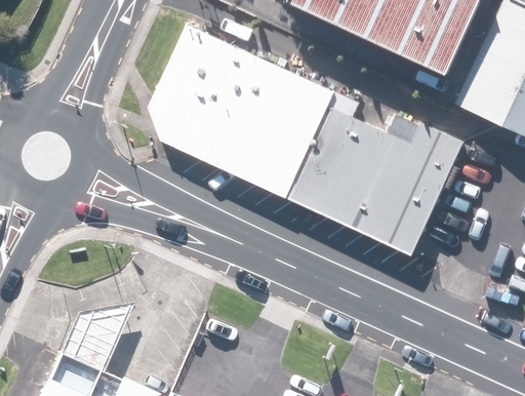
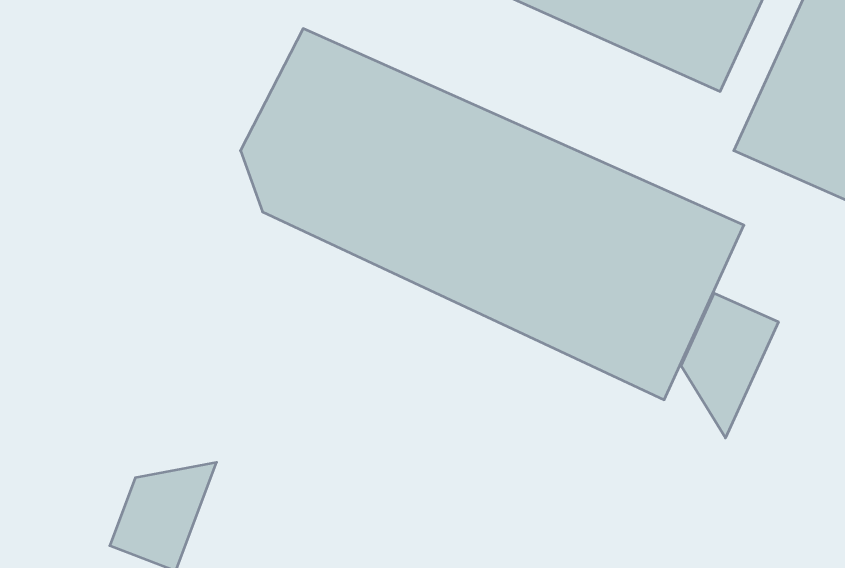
building: none -> [681,293,778,438]

